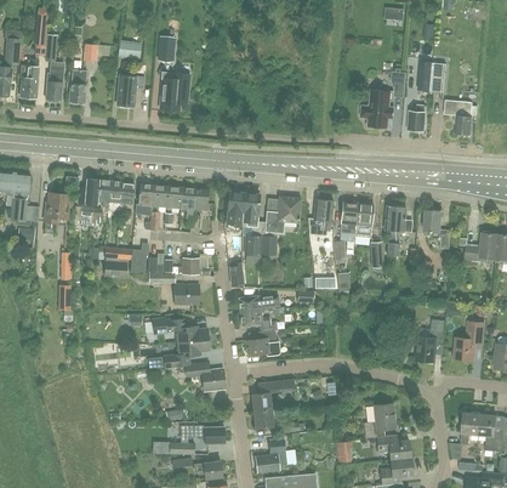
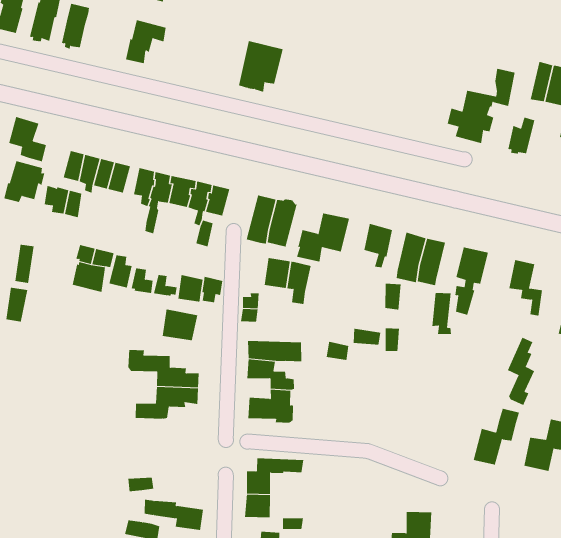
building: [160,73,189,109] -> [238,41,283,93]
building: none -> [8,116,46,162]
building: none -> [507,337,535,406]
building: [184,362,224,390] -> none

